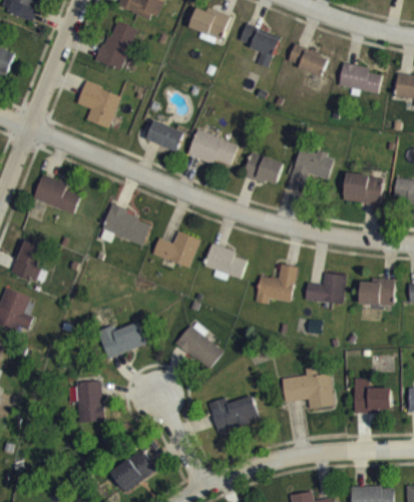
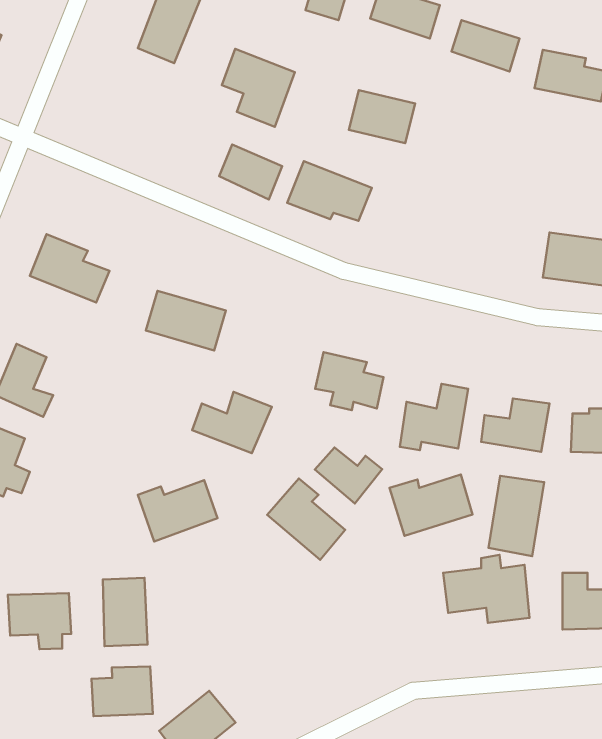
building: [77,81,121,128] -> [222,49,295,127]
building: [288,148,335,192] -> none
building: [244,152,284,184] -> [349,90,415,143]
building: [152,230,200,268] -> [192,392,272,453]
building: none -> [315,447,382,503]
building: none -> [488,476,544,556]
building: none -> [8,593,71,649]
building: [209,395,259,432] -> [389,475,472,536]
building: none -> [92,666,153,716]

